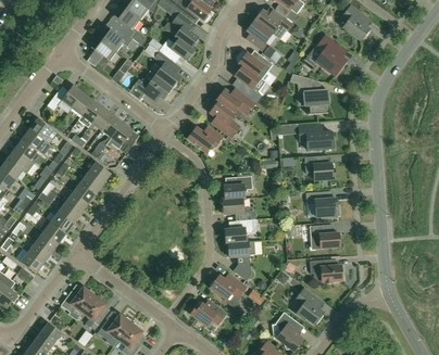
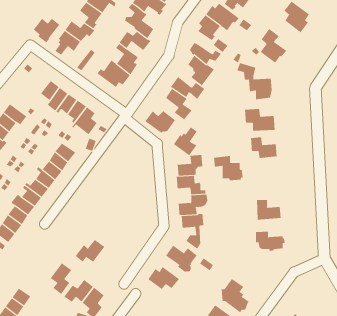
building: [52,85,83,113] -> [33,18,60,43]
building: none -> [173,126,198,156]
building: [305,190,339,218] -> [213,155,243,181]
building: [61,286,95,312] -> [75,239,105,263]
building: [294,288,323,324] -> none

